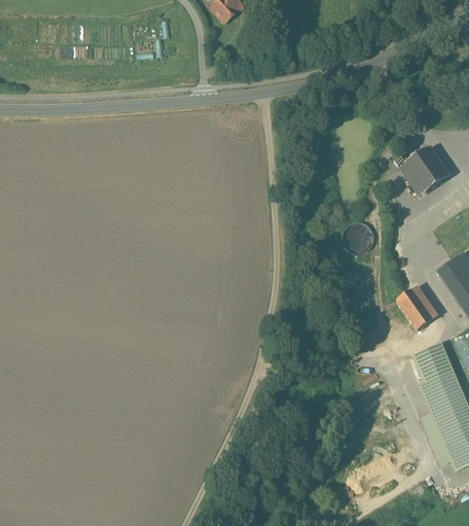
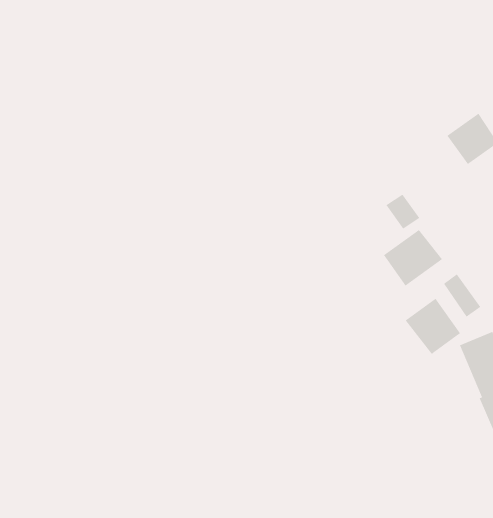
building: none -> [383,229,443,286]
building: none -> [405,298,461,355]

